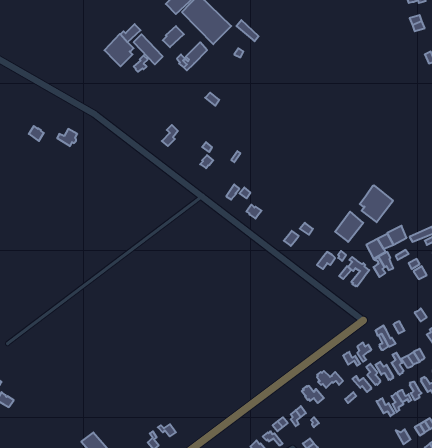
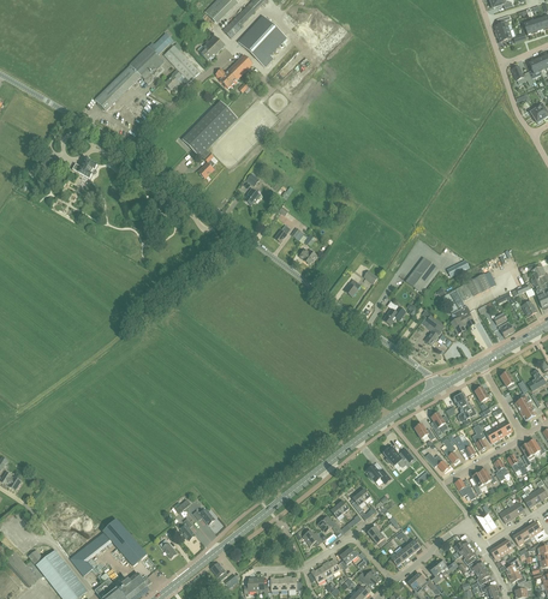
building: none -> [95,64,142,110]
building: none -> [183,100,238,156]
building: [360,185,393,222] -> none

